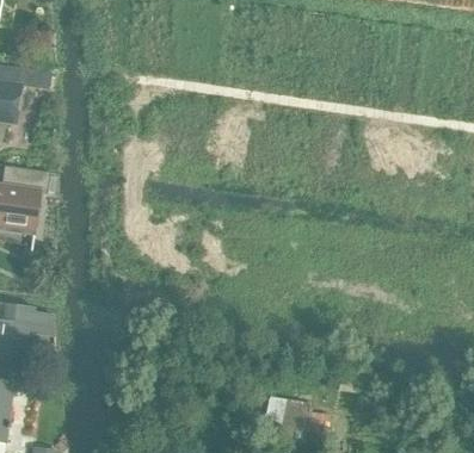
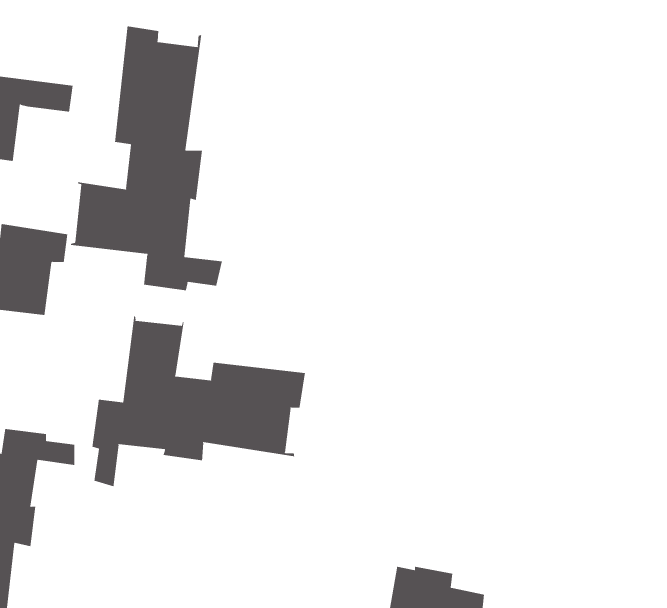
building: none -> [70,26,222,291]
building: none -> [92,315,305,487]

